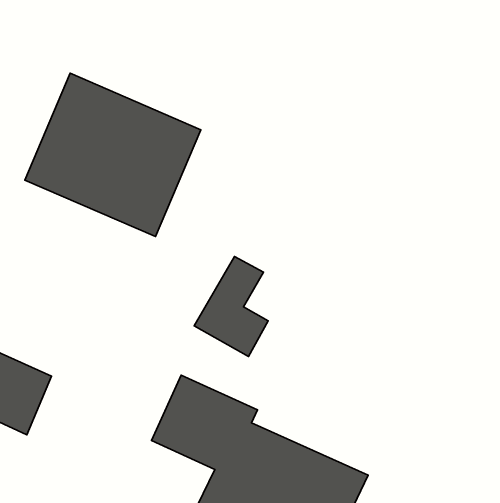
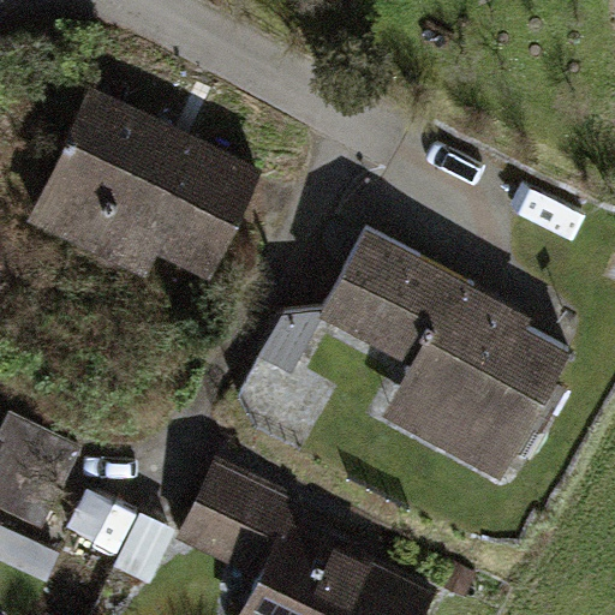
building: none -> [323,240,568,479]

